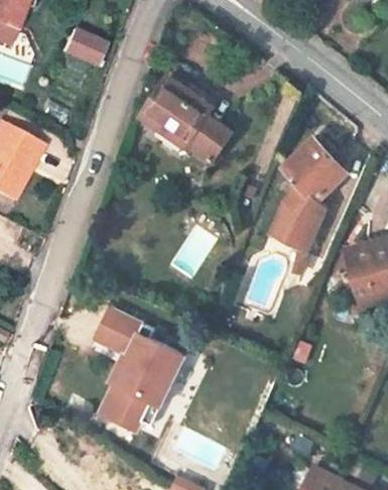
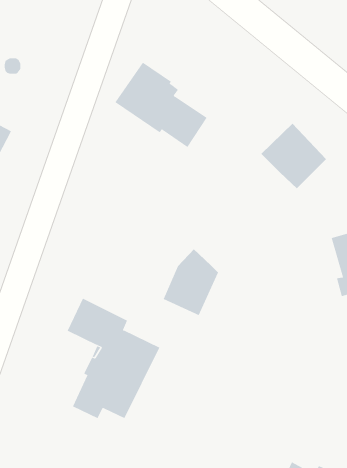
building: [60,31,103,68] -> none
building: [270,186,325,251] -> [163,249,219,316]

